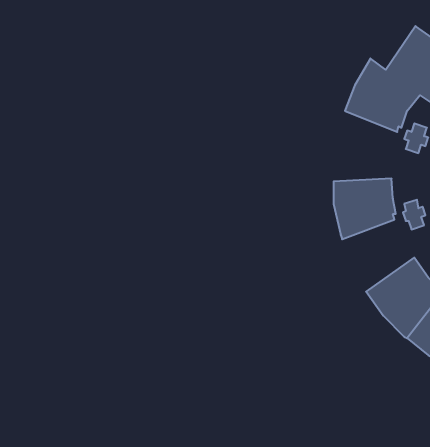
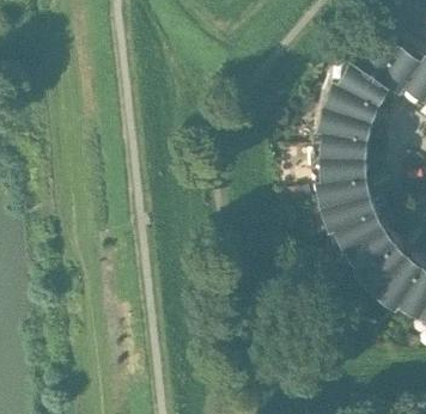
building: none -> [318,101,372,160]
building: none -> [325,193,387,254]

